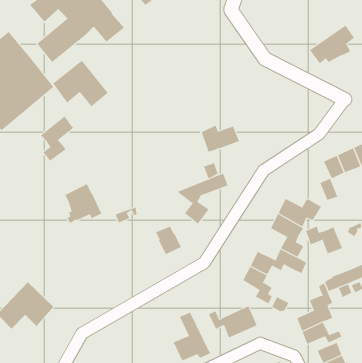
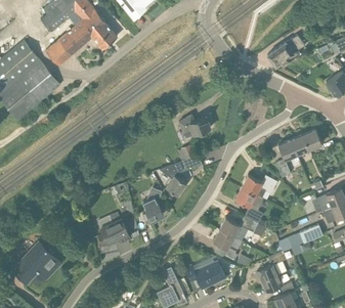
building: [53,60,109,107] -> none
building: [40,115,74,162] -> none
building: [64,183,102,224] -> [98,211,129,244]
building: [306,226,343,254] -> none

